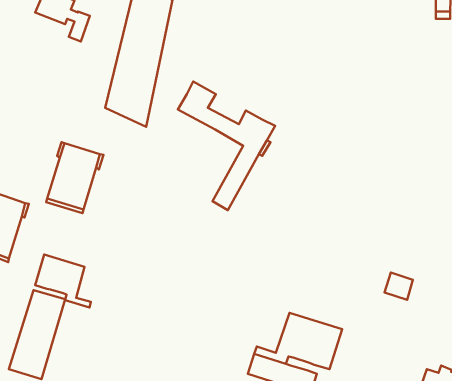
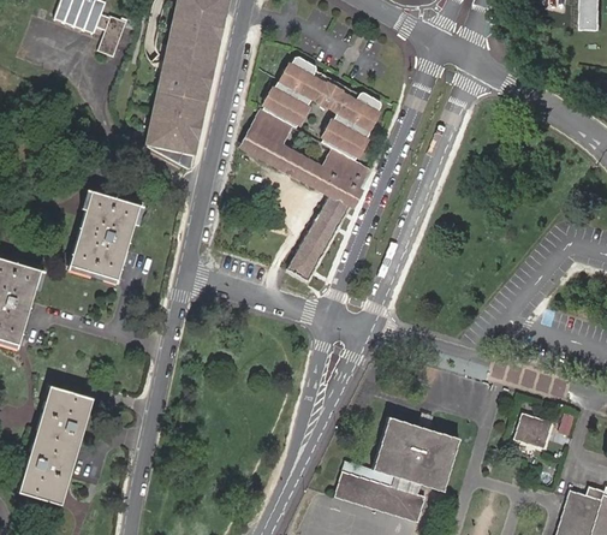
building: none -> [261,57,379,160]
building: [35,255,91,308] -> none
building: [385,272,413,300] -> [513,412,551,448]

